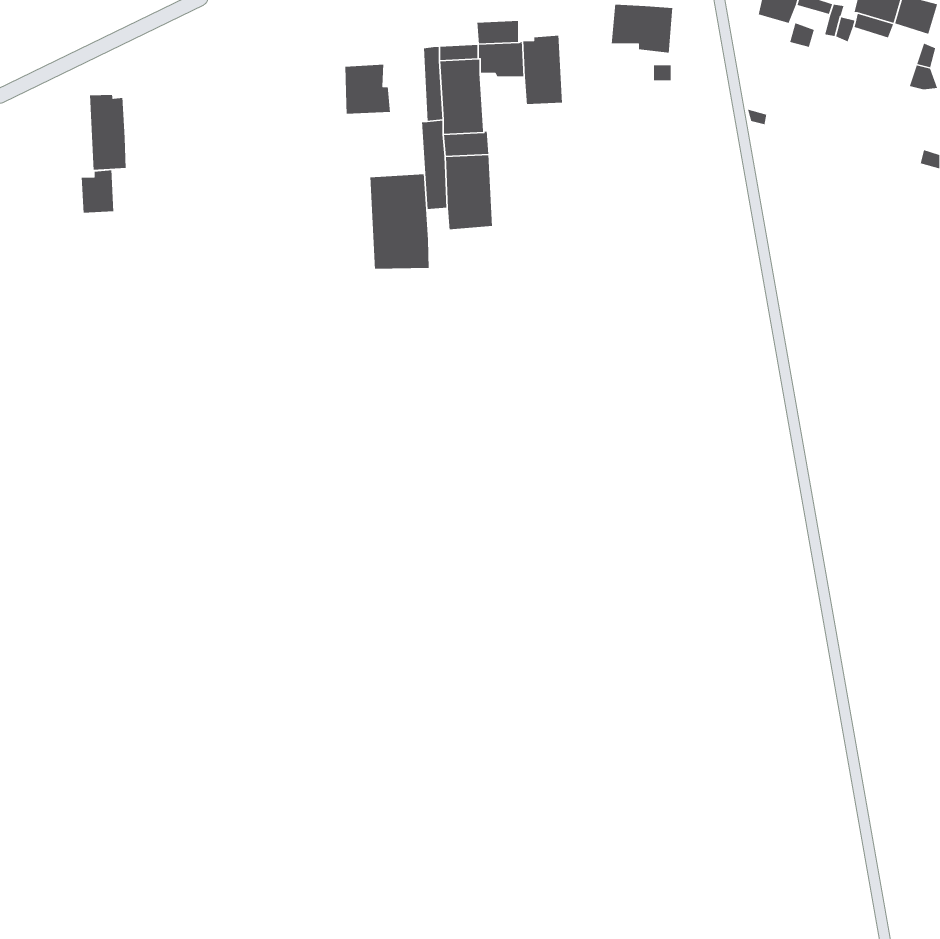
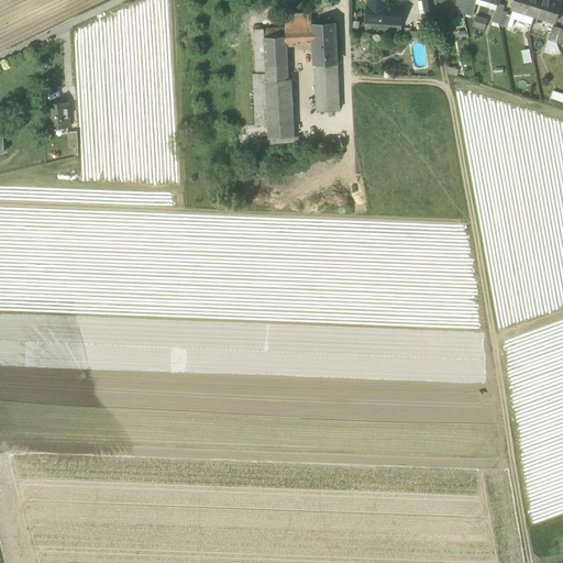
building: [345,64,391,115] -> none
building: [89,94,127,170] -> none
building: none -> [314,62,339,111]
building: [369,174,429,269] -> none

